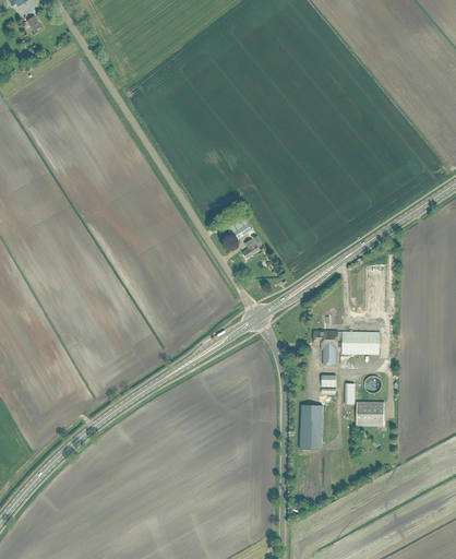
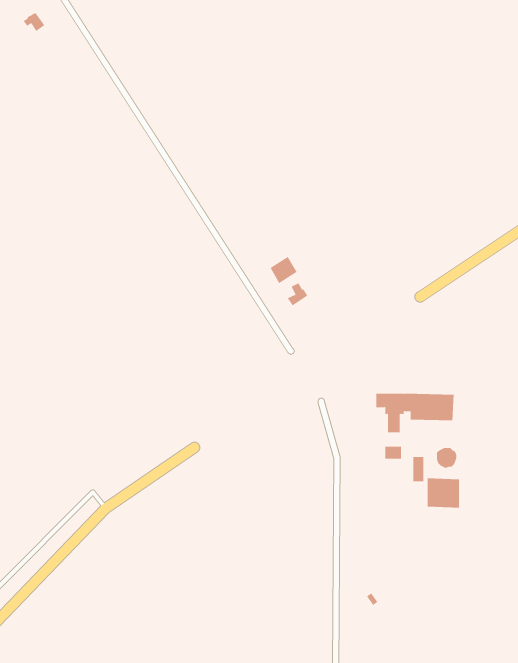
building: [299,404,323,449] -> none

